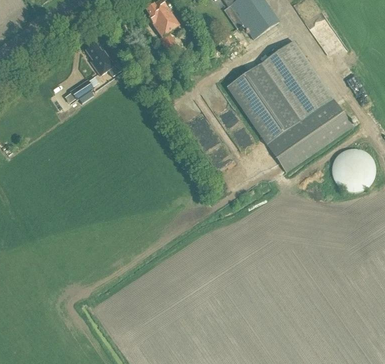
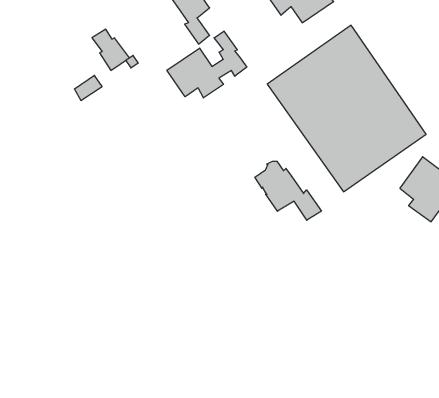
building: none -> [167,31,247,98]
building: none -> [255,161,321,220]

